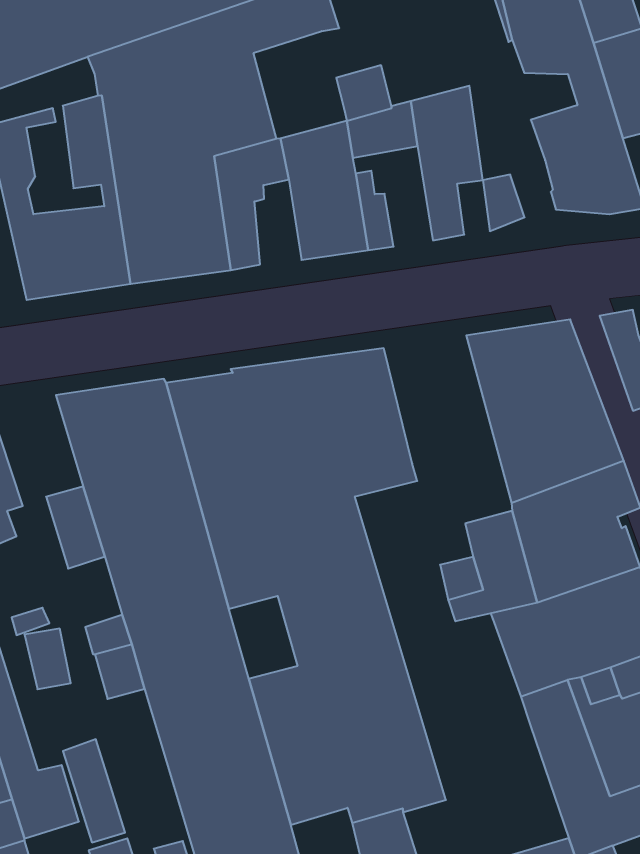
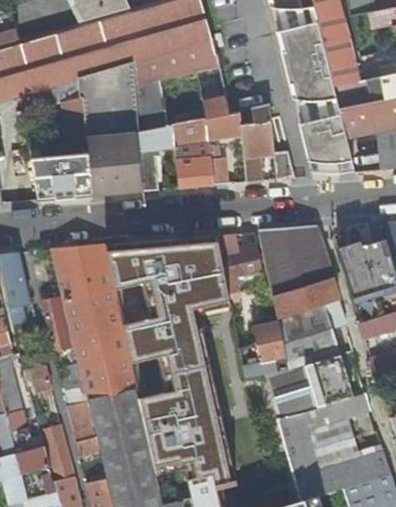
building: none -> [219,233,266,295]
building: none -> [67,401,100,457]

